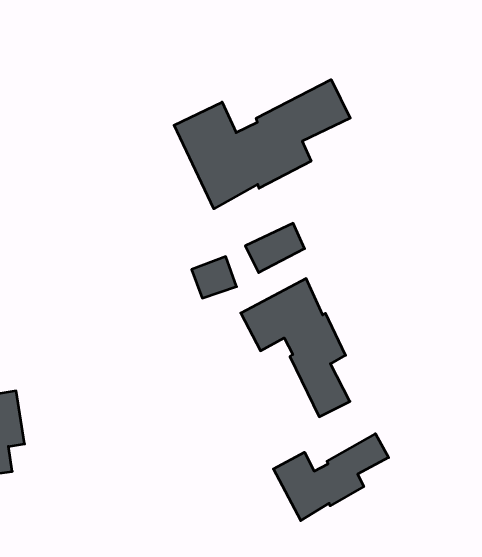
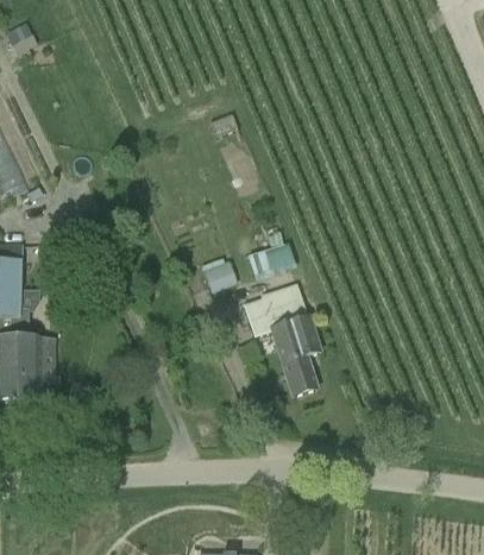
building: [174,80,350,209] -> none
building: [273,434,389,521] -> none

